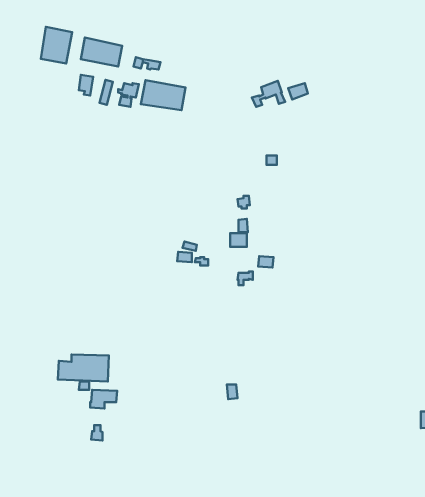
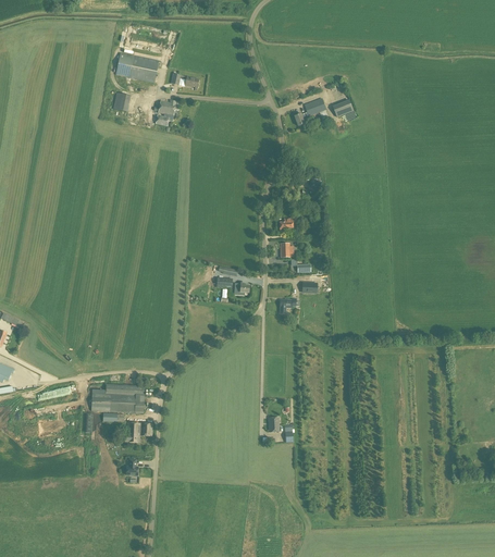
building: [41,27,72,64] -> none
building: [141,80,185,110] -> none

